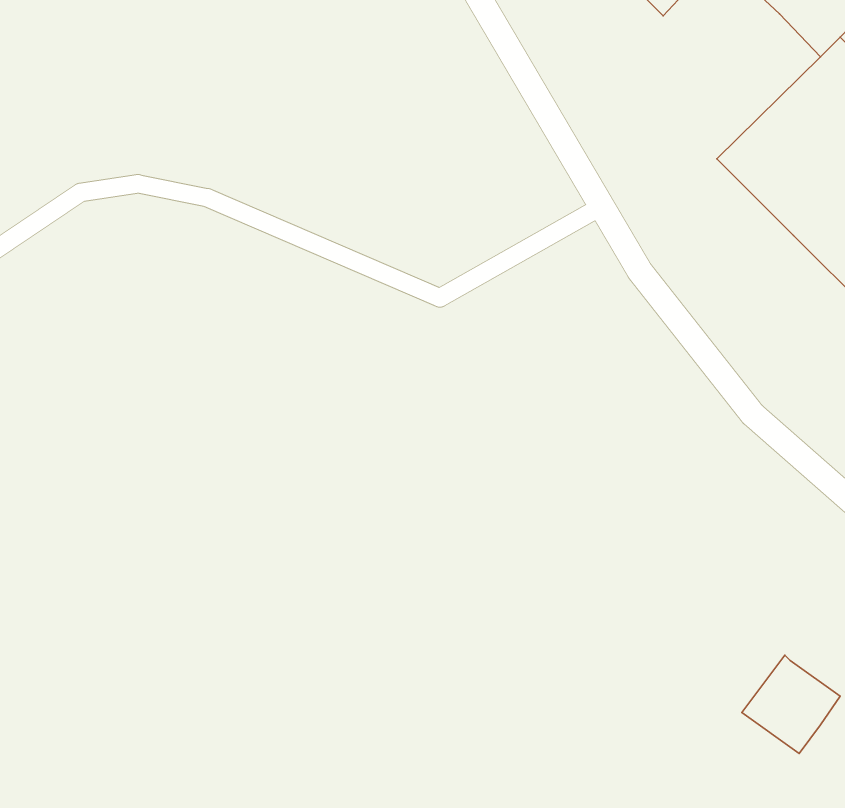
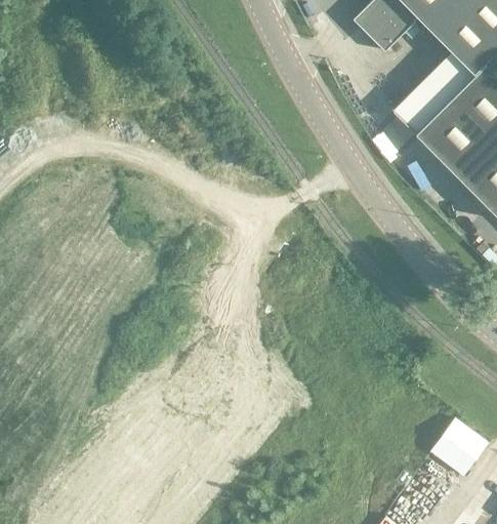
building: none -> [394,49,477,132]

